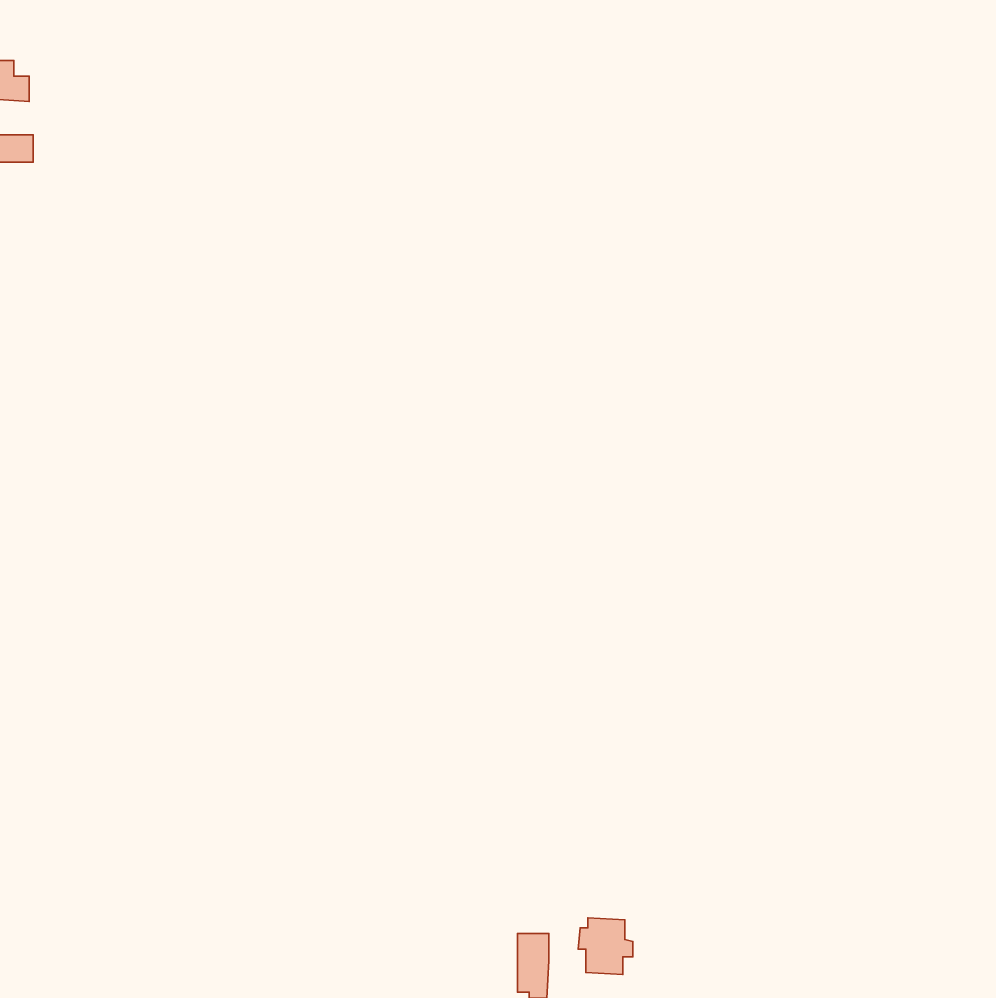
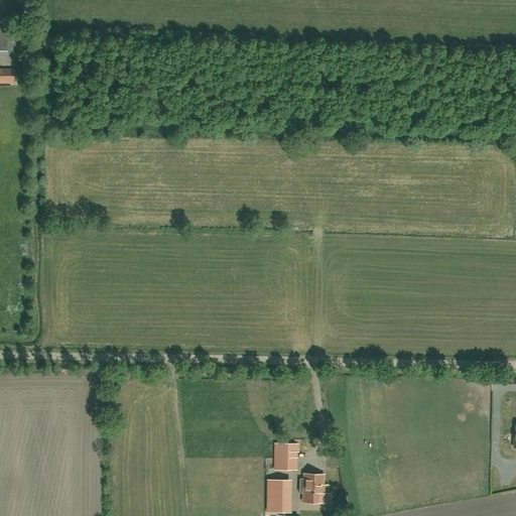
building: none -> [274,443,297,470]

